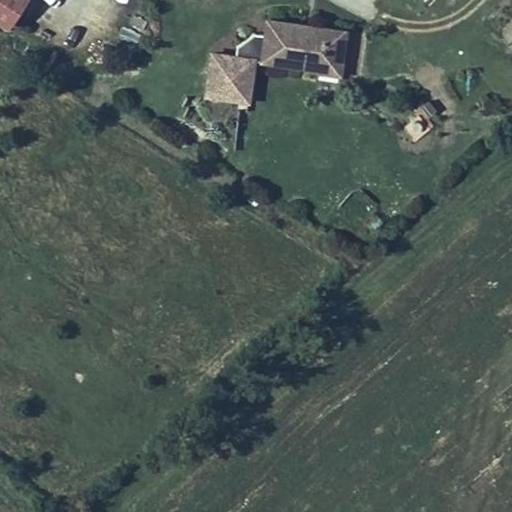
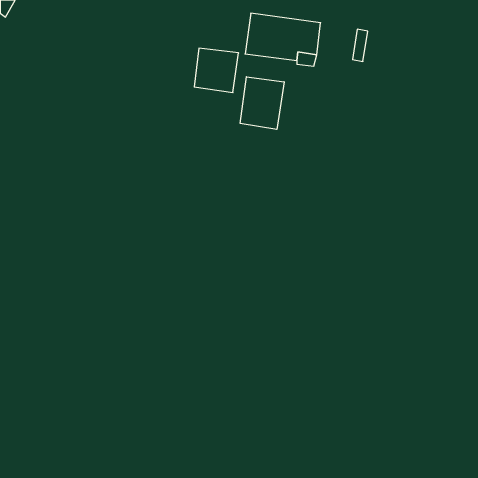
building: none -> [240,77,284,129]

